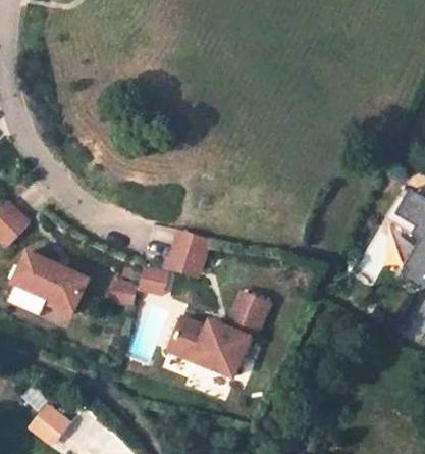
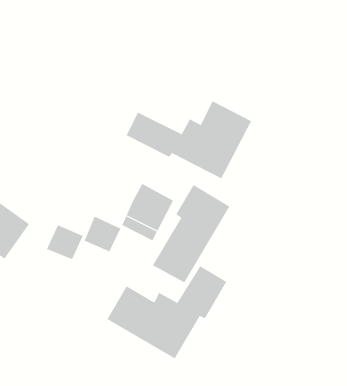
building: none -> [126,101,252,179]
building: none -> [152,184,230,283]

